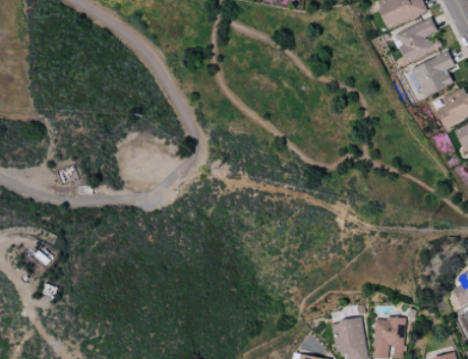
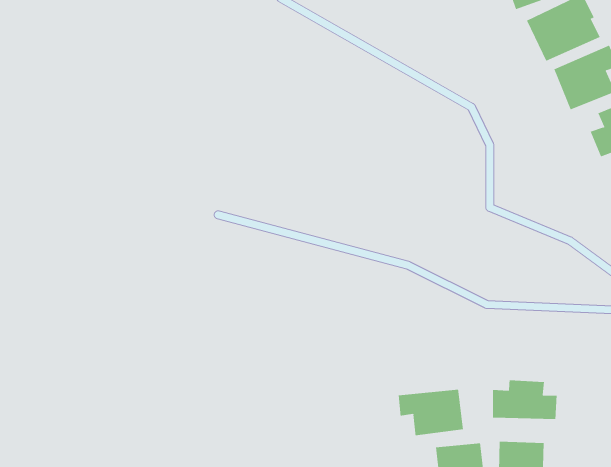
building: none -> [492,380,557,420]
building: none -> [398,389,463,436]

